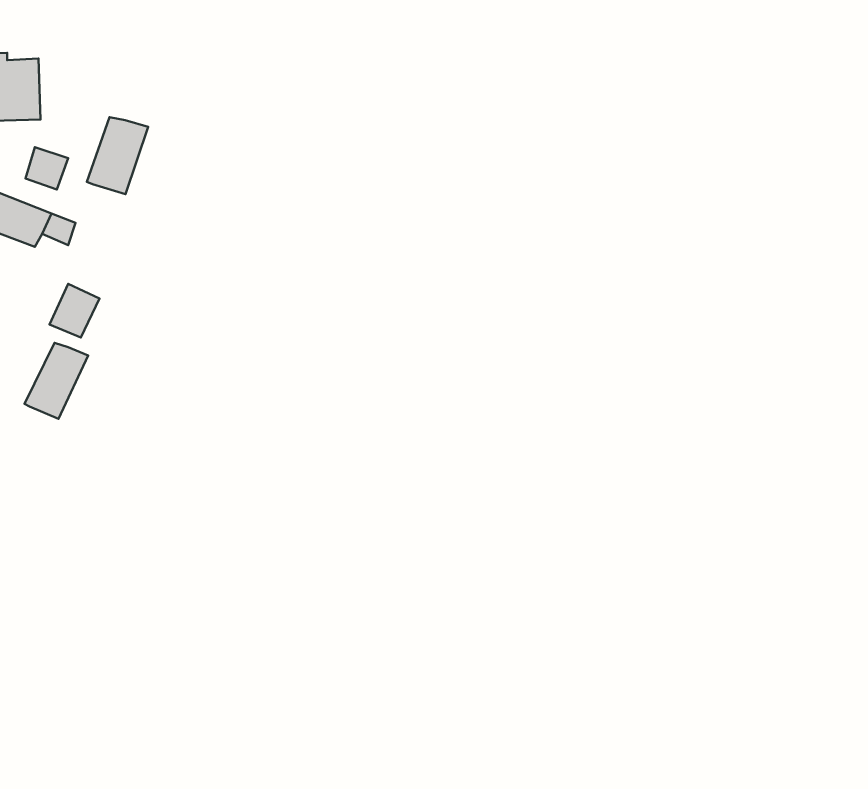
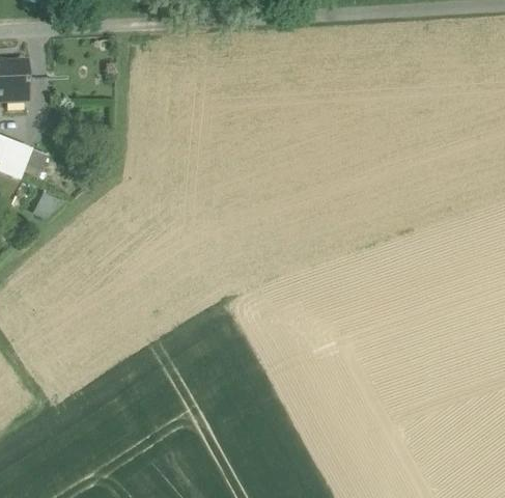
building: [87,117,148,194] -> none
building: [25,343,88,419] -> none

